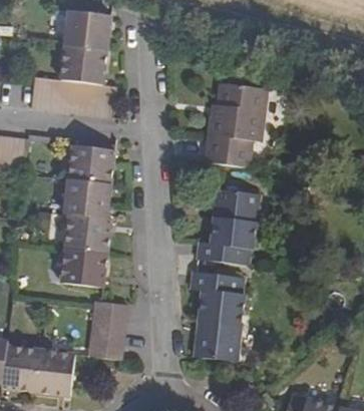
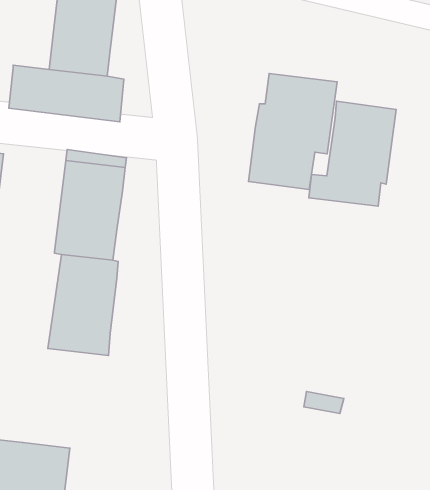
building: [197,187,260,264] -> [309,101,396,206]
building: [190,270,246,357] -> none
building: [90,301,127,358] -> none

